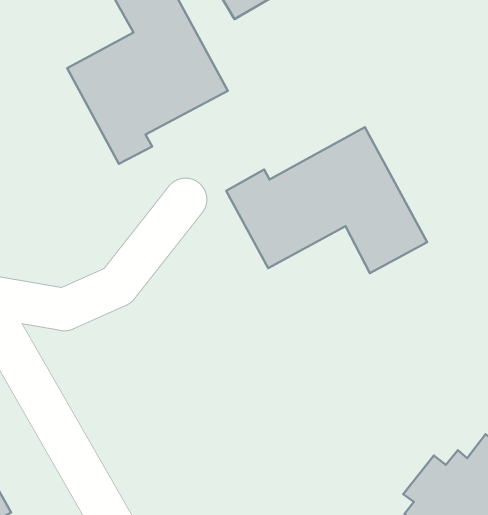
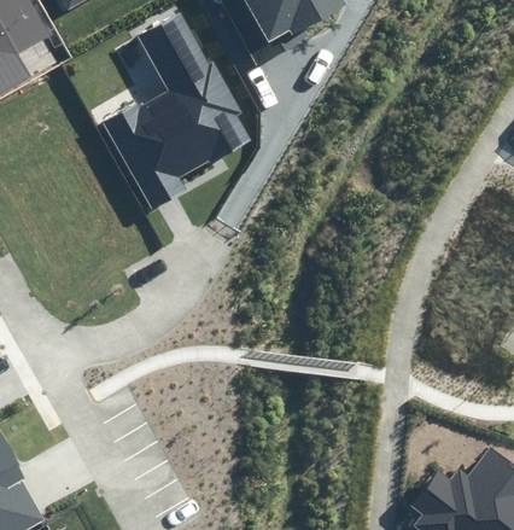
building: [226,127,427,273] -> none

